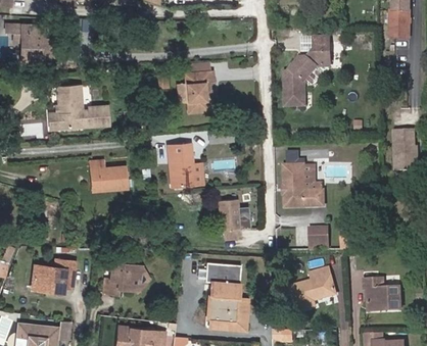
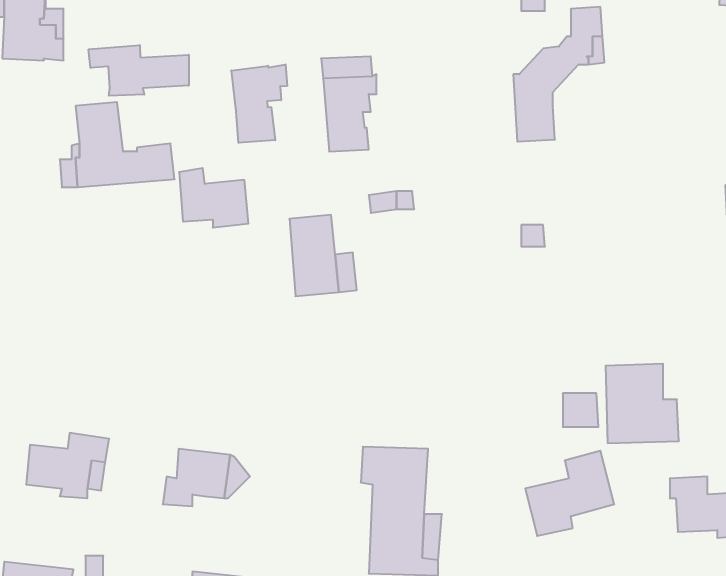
building: none -> [89,45,189,96]
building: none -> [231,64,287,143]
building: [90,160,126,191] -> [179,168,248,228]
building: [284,164,322,205] -> [606,364,679,443]
building: [217,199,248,240] -> none

